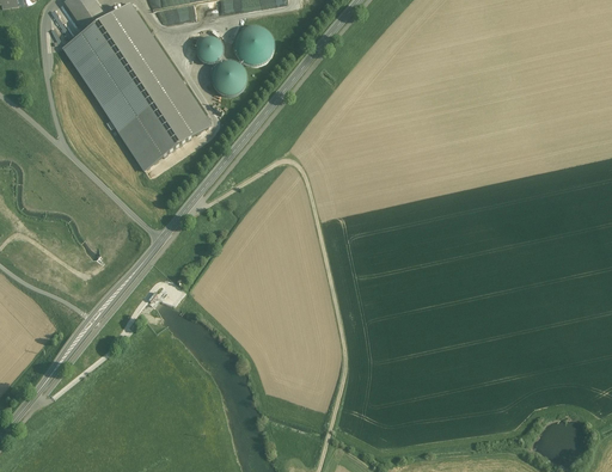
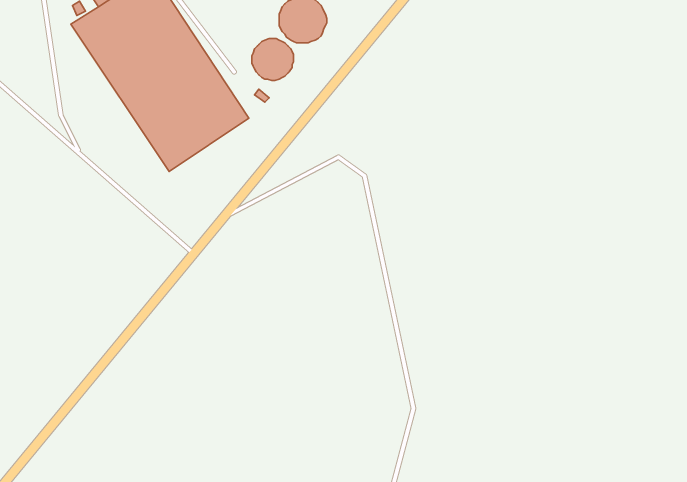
building: [197,35,222,60] -> none

